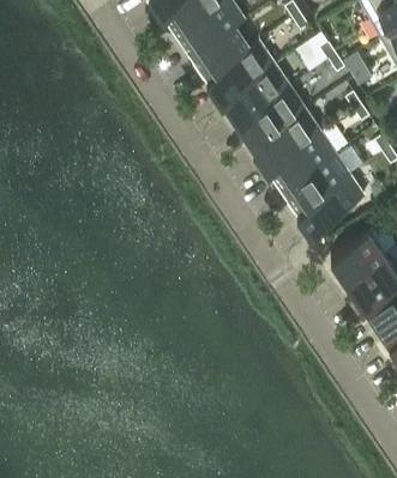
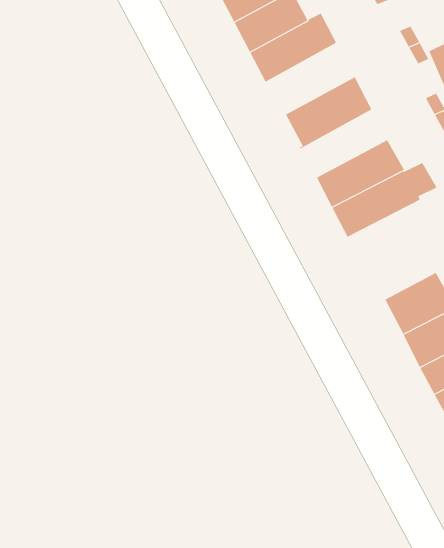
building: [221,62,289,121] -> none
building: [253,110,319,167] -> none
building: [296,175,363,232] -> none

